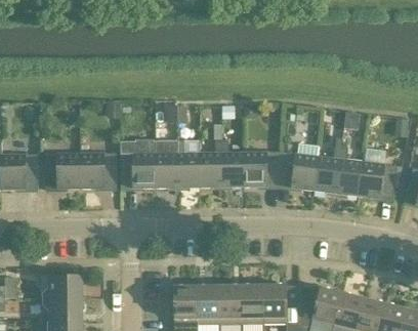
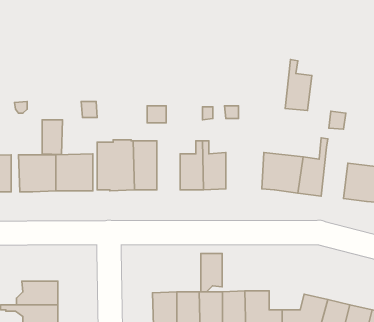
building: none -> [42,120,62,155]
building: [177,140,200,188] -> none
building: [336,147,362,196] -> [285,60,312,111]
building: [244,152,281,187] -> none
building: none -> [201,253,222,292]

